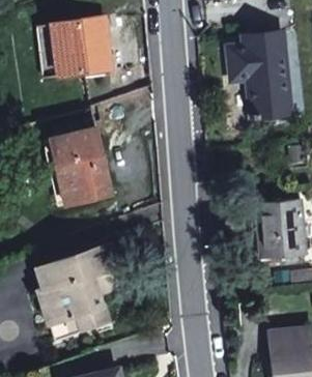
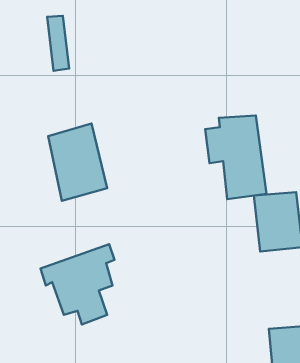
building: [67,20,110,75] -> none
building: [226,28,286,110] -> [205,116,266,199]
building: [44,284,88,341] -> none

